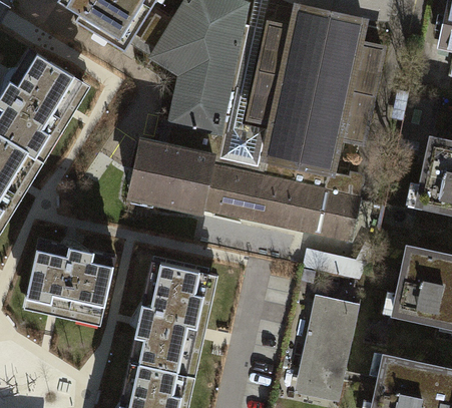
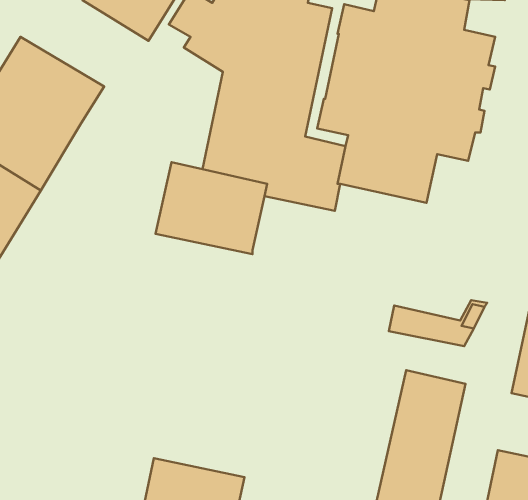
building: [200,157,361,239] -> none
building: [21,239,115,327] -> none
building: [127,260,216,375] -> none

